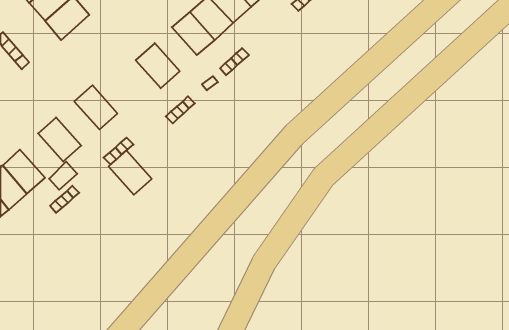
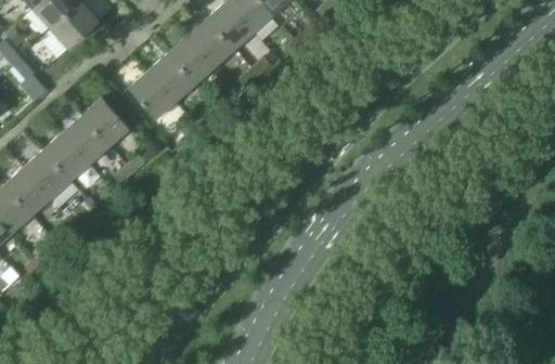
building: none -> [169,35,215,82]
building: none -> [129,70,176,118]
building: none -> [24,149,70,197]
building: [109,151,152,195] -> [63,115,109,162]

